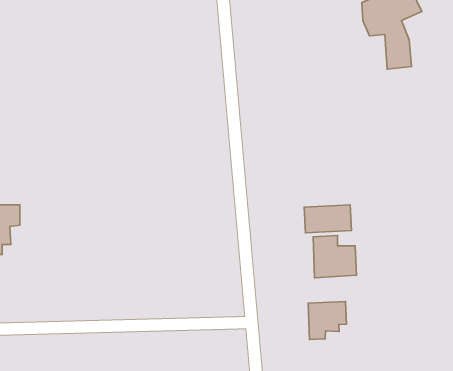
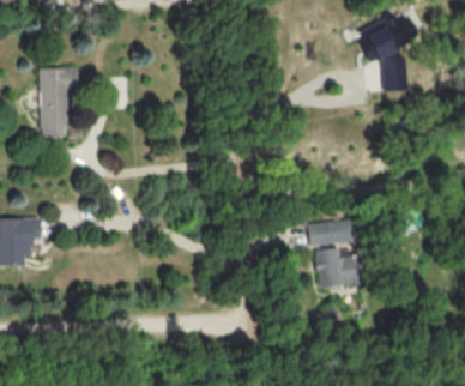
building: none -> [40,68,79,135]
building: [308,301,347,340] -> none

